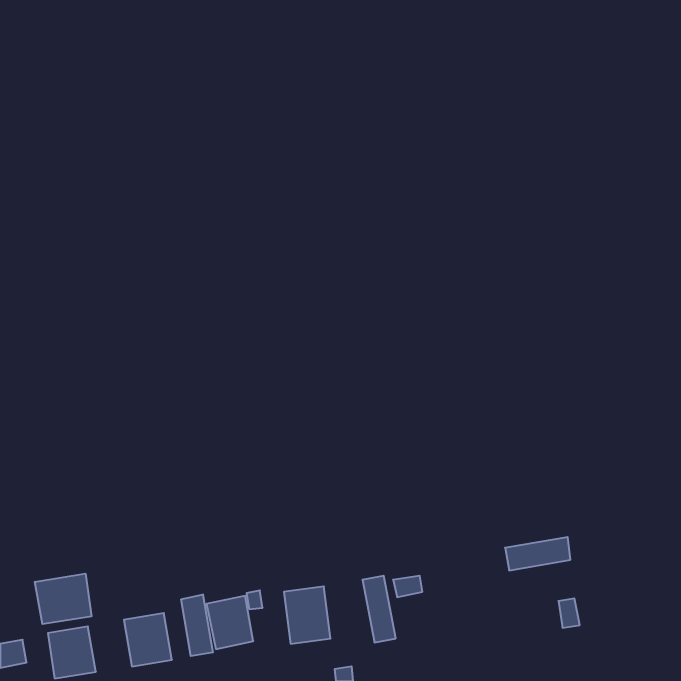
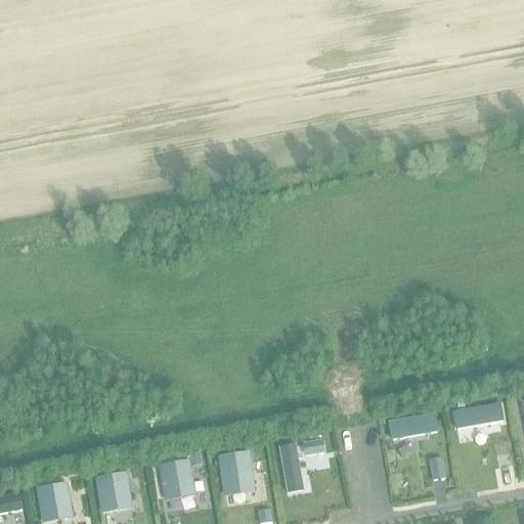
building: none -> [453,401,504,427]
building: [35,574,91,624] -> none
building: [181,594,213,656] -> none

